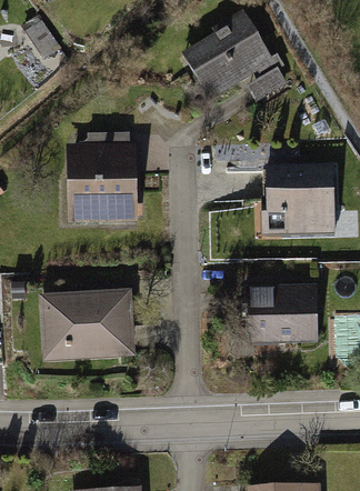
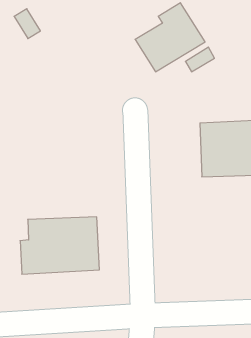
building: [66,130,138,221] -> none
building: [249,287,320,341] -> none

